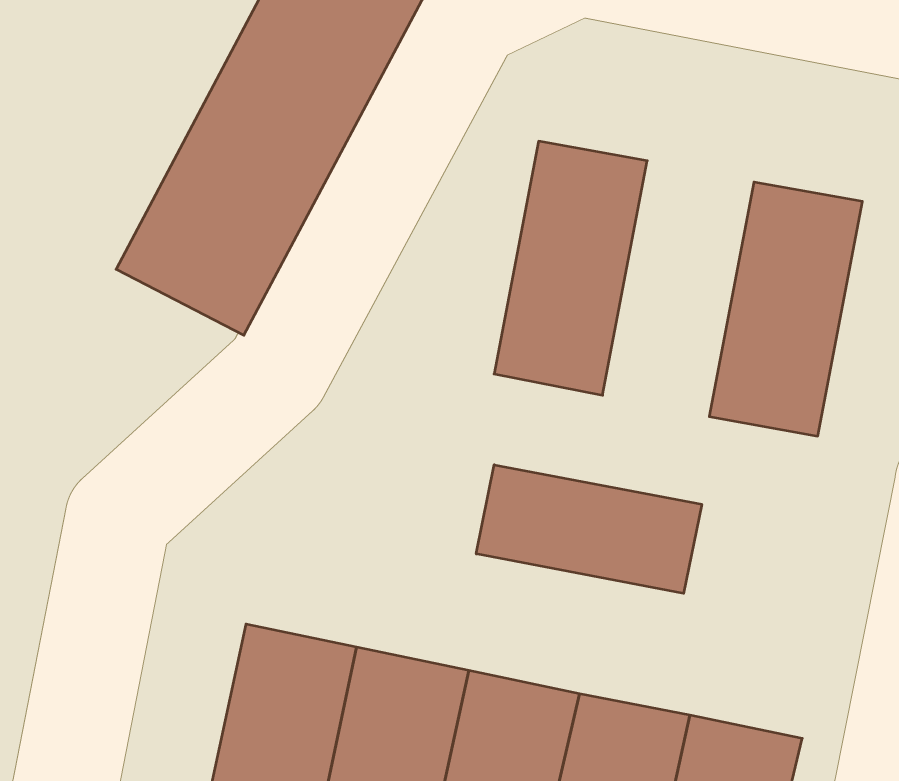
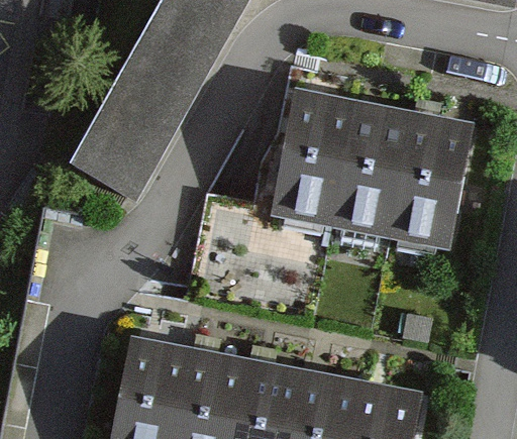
building: none -> [329,101,408,234]
building: [476,465,702,593] -> none

